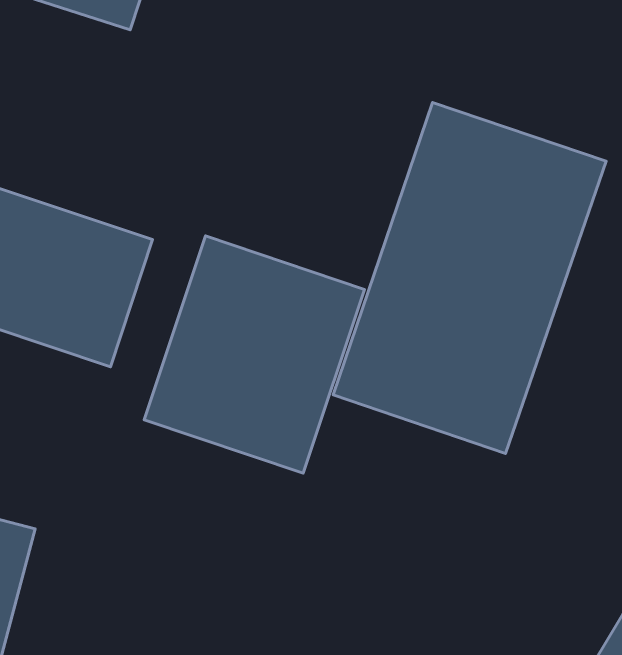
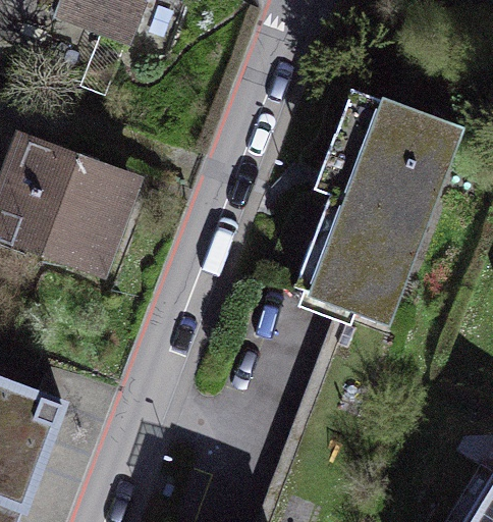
building: [144,236,365,473] -> none

